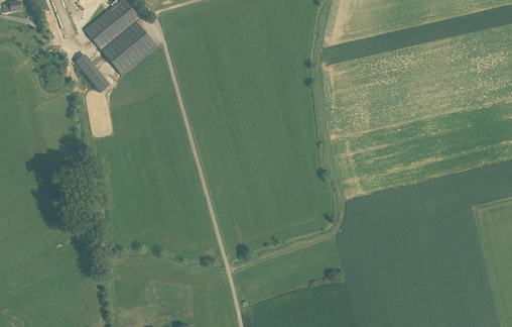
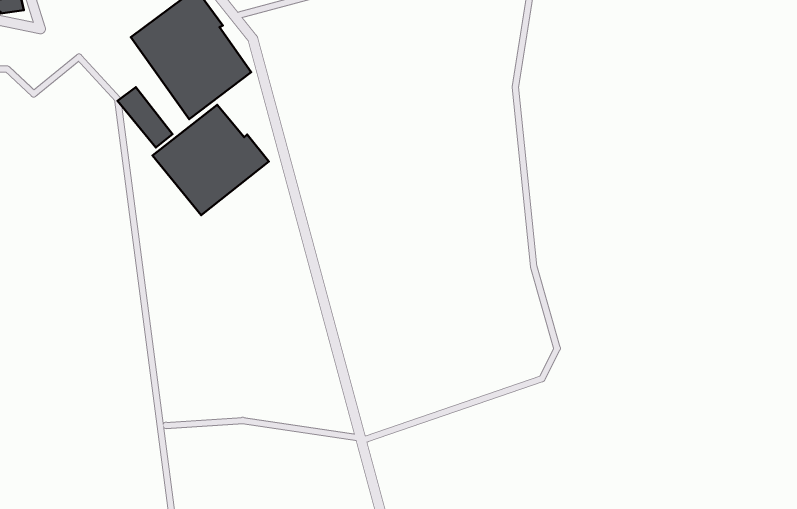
building: none -> [152,105,269,215]

